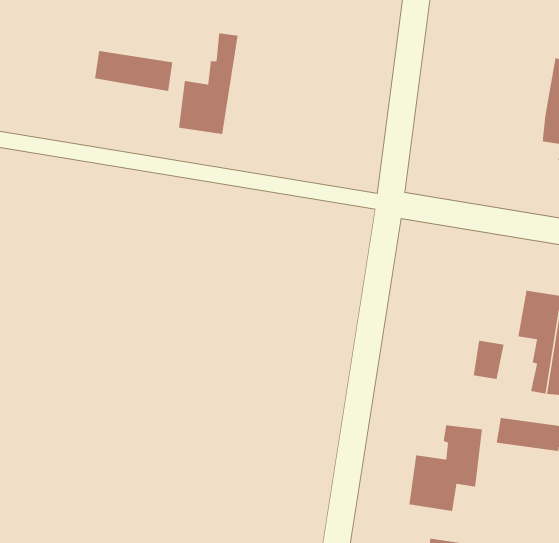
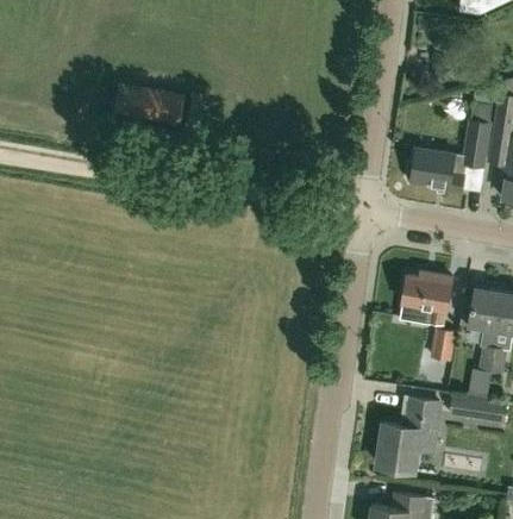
building: [178,33,238,135] -> none
building: none -> [407,101,493,192]
building: none -> [402,270,452,325]

